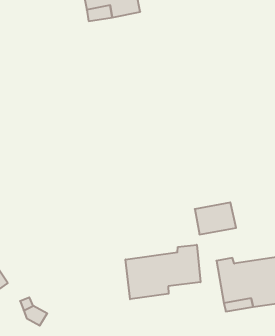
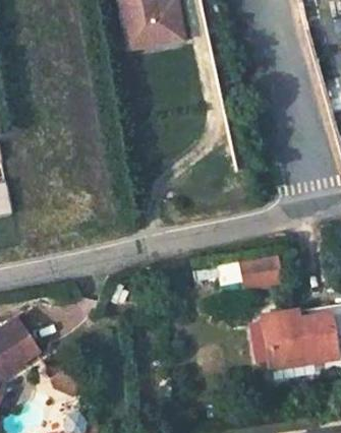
building: [126,245,200,299] -> none

